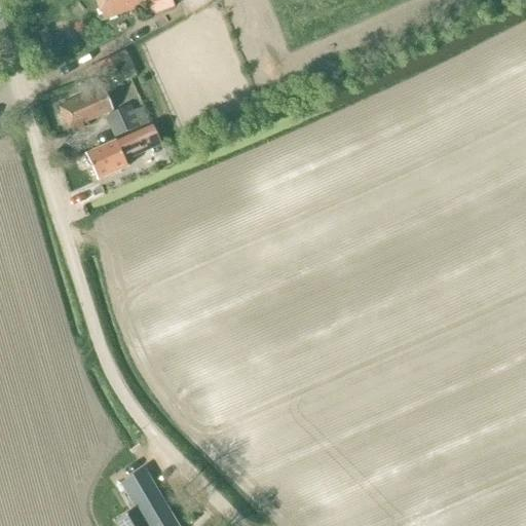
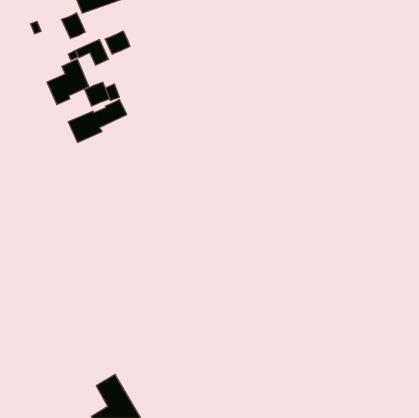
building: none -> [62,13,85,39]
building: none -> [105,31,130,54]

